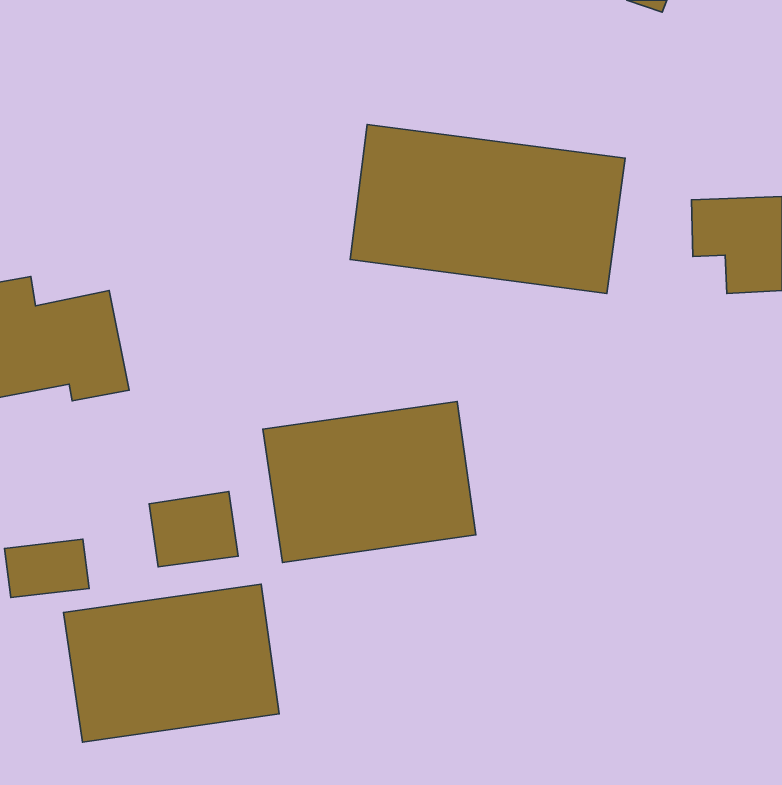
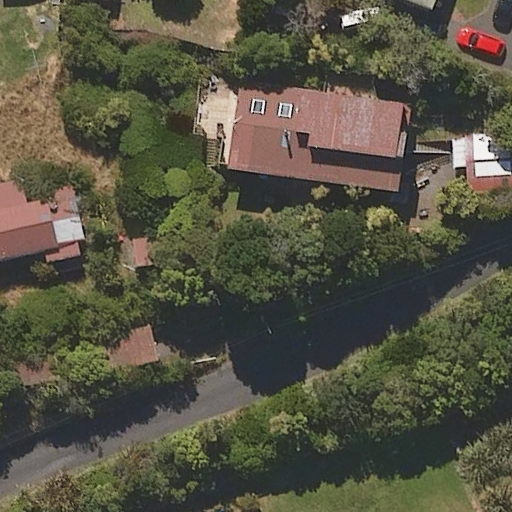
building: [263,402,476,563] -> none
building: [64,584,279,742] -> none

